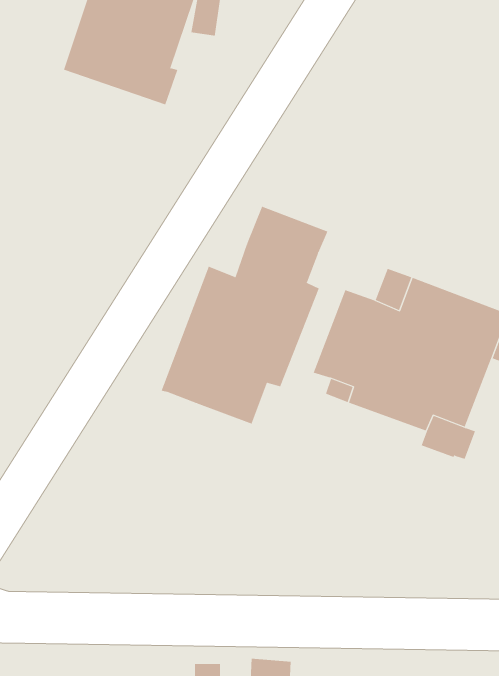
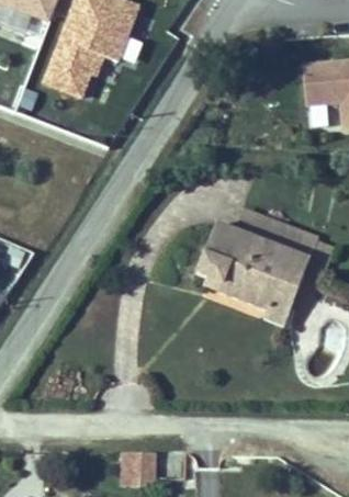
building: [161,206,328,425] -> none

